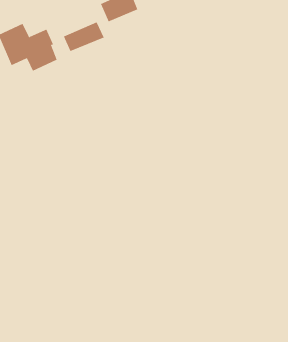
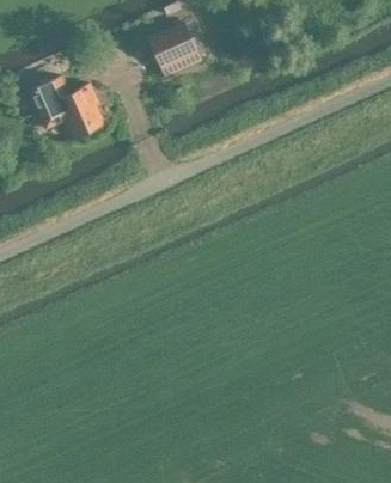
building: [63,21,104,52] -> none

